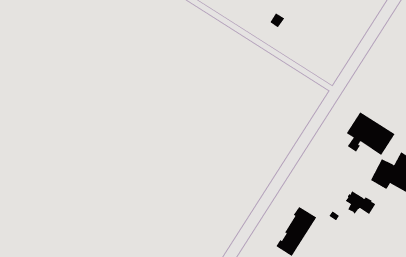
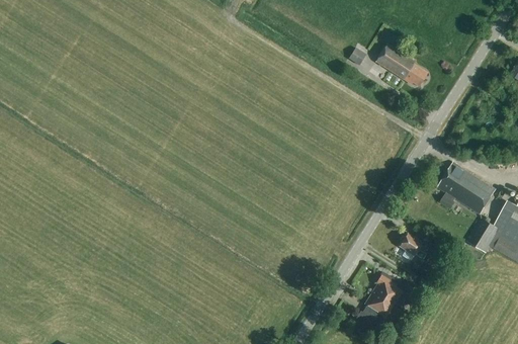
building: none -> [376,46,428,87]
building: [345,190,376,215] -> [400,234,436,262]

